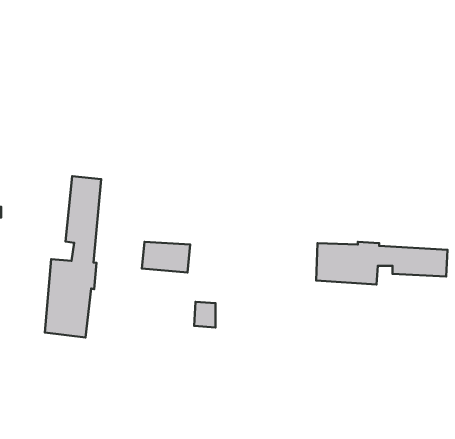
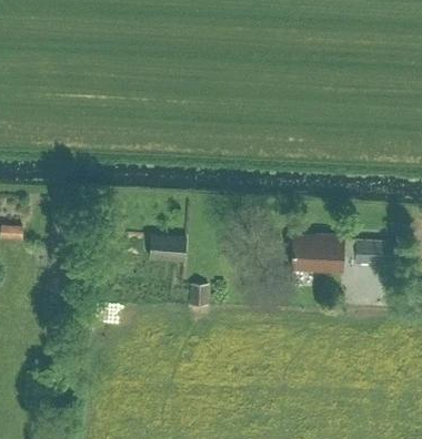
building: [45,176,101,337] -> none

